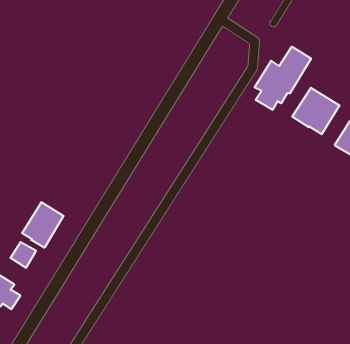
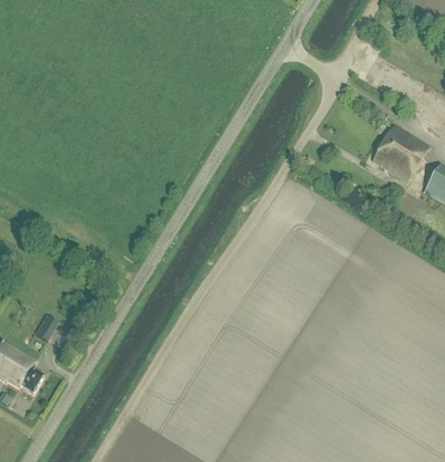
building: [255,47,311,110] -> none
building: [22,202,64,248] -> none

